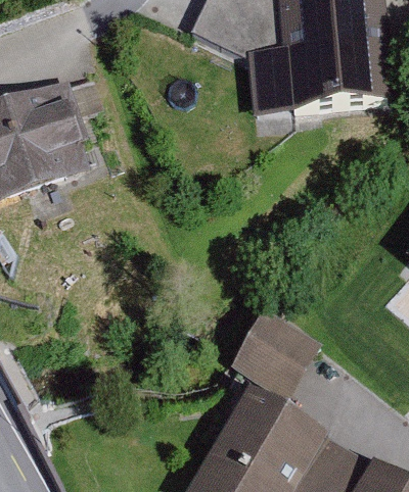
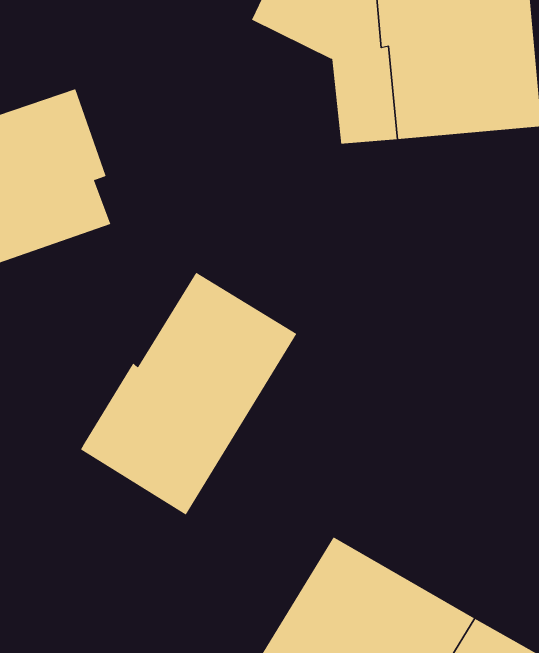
building: none -> [80,272,297,516]
building: [231,308,320,397] -> none

